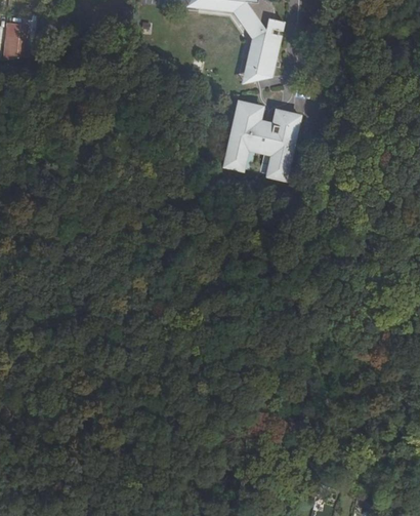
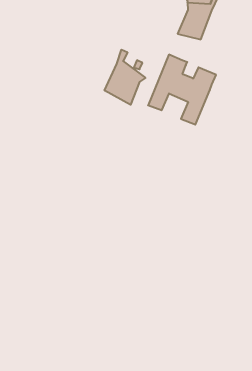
building: none -> [105,50,145,105]

